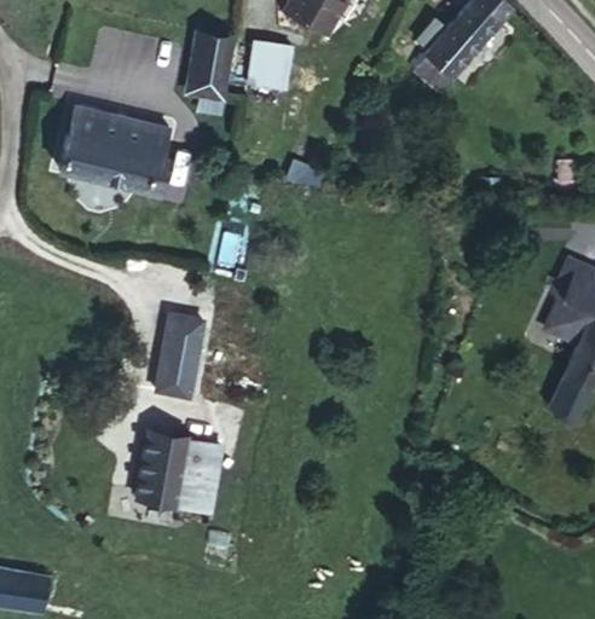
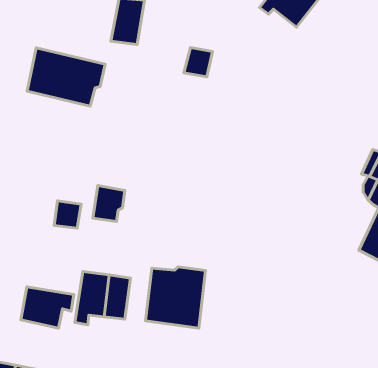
building: [254,52,296,96] -> [184,47,213,77]
building: [154,358,193,398] -> [54,201,81,228]
building: none -> [146,267,205,328]
building: none -> [21,287,74,328]

